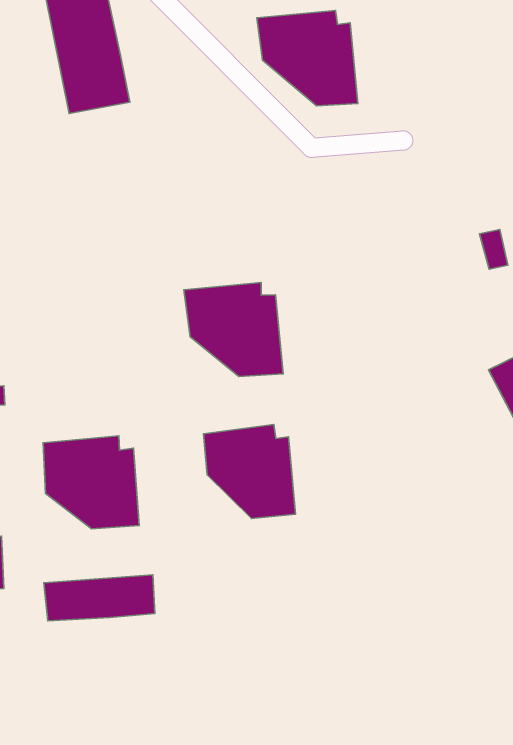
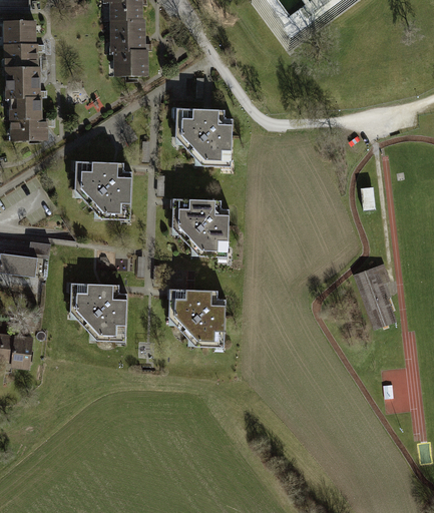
building: [257,11,358,106] -> [173,106,232,168]
building: none -> [72,159,130,219]
building: [44,575,155,621] -> none

